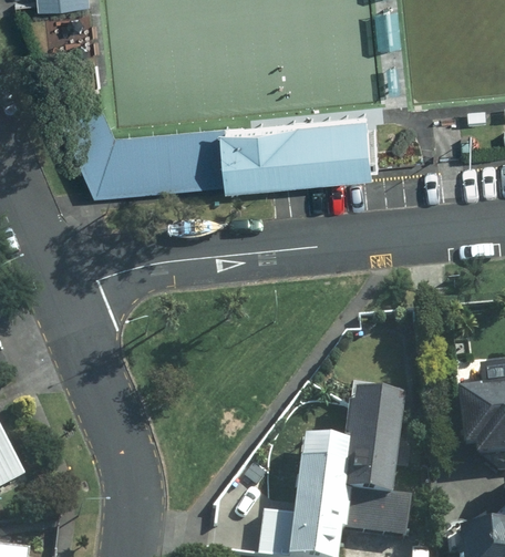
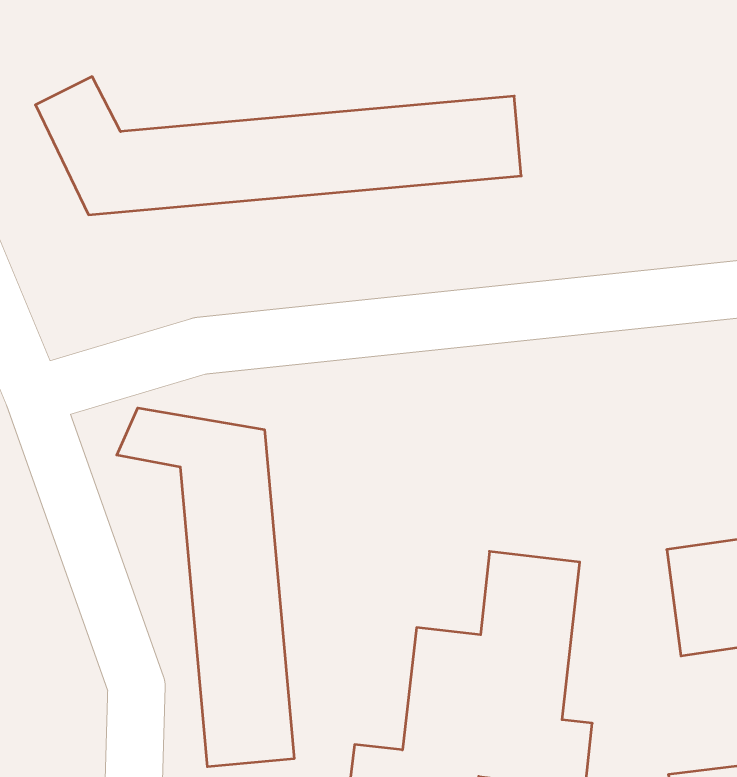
building: none -> [117,408,294,767]

